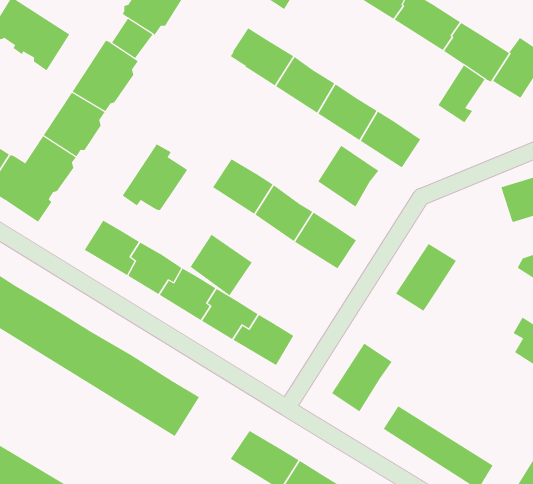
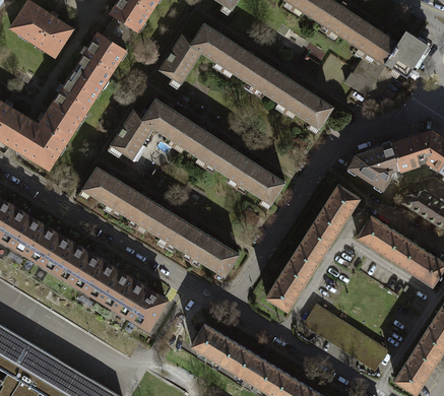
building: none -> [158,35,201,84]
building: none -> [144,100,191,143]
building: [318,145,379,207] -> none
building: none -> [347,143,399,190]
building: [190,234,253,296] -> none
building: none -> [357,216,407,266]
building: none -> [290,222,334,273]

